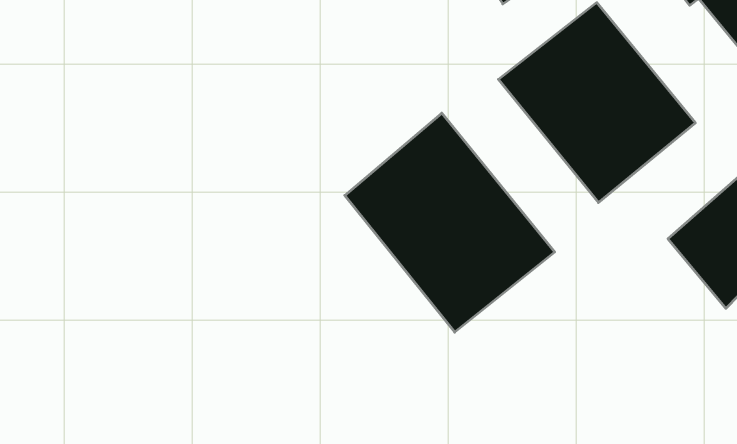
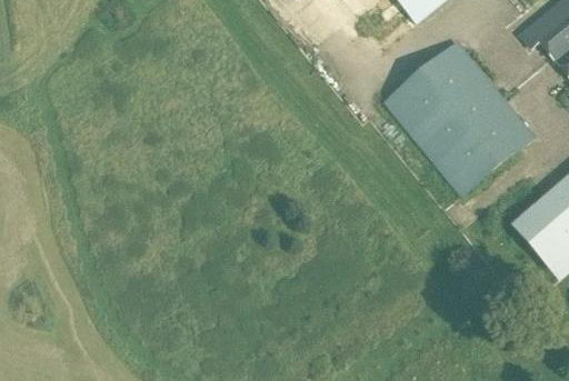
building: [345,113,555,332] -> none

